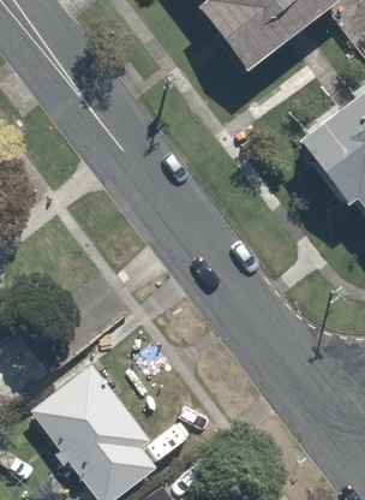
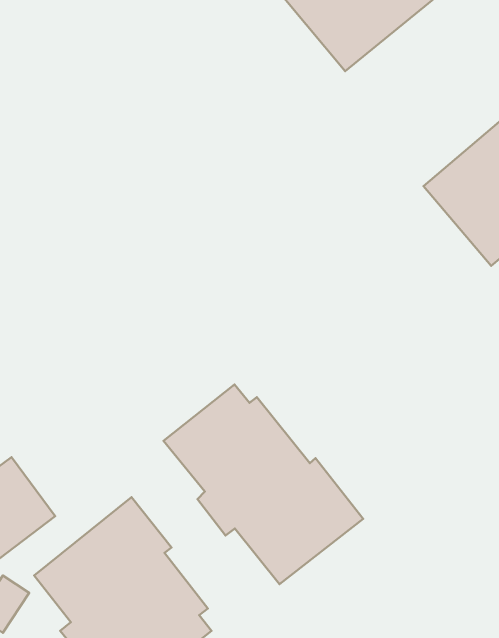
building: none -> [164,384,363,584]

